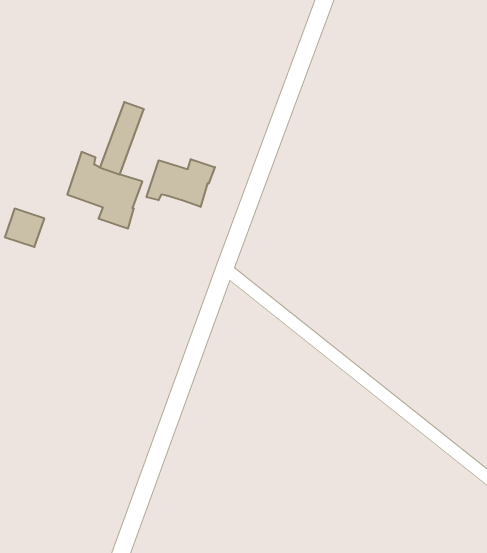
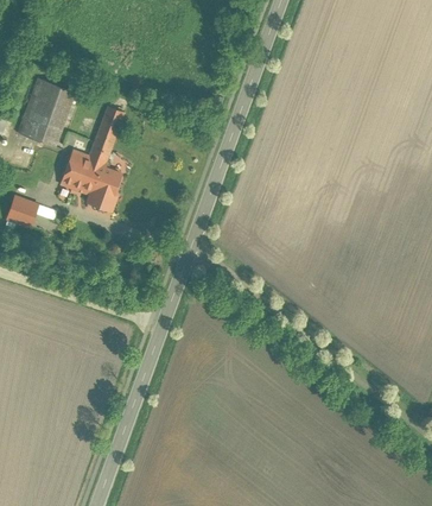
building: none -> [19,77,77,147]
building: [147,159,215,207] -> none

